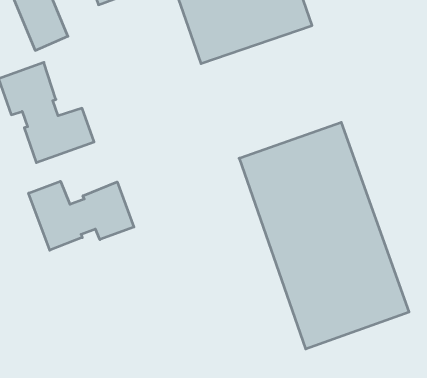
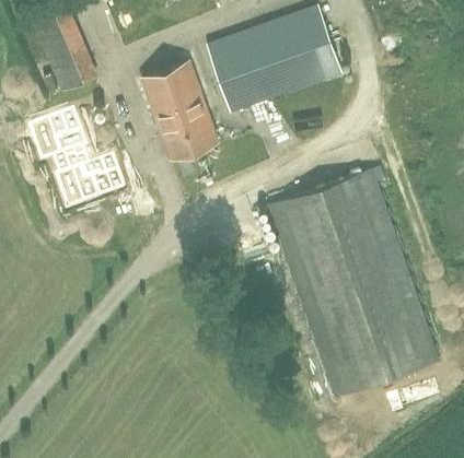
building: none -> [141,60,218,158]
building: [29,181,134,250] -> none

